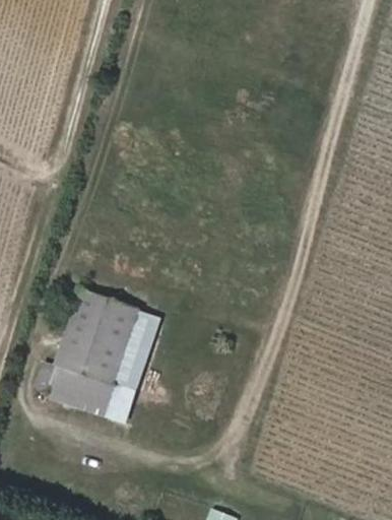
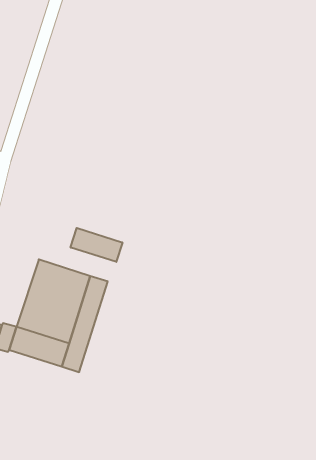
building: none -> [71,228,122,262]

